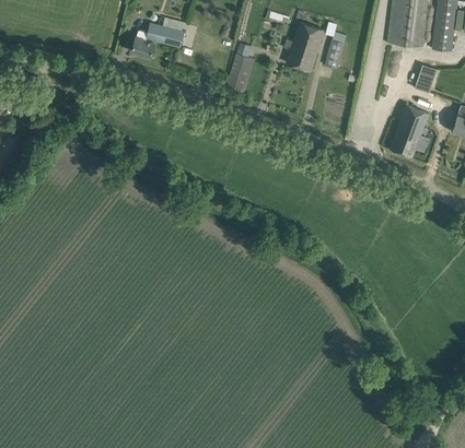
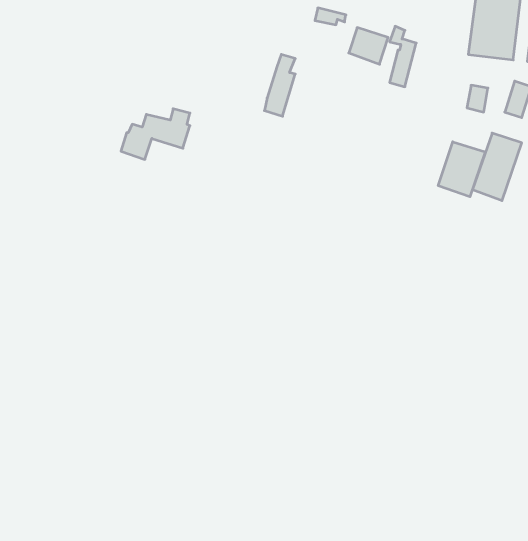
building: [131,19,185,58] -> [121,109,190,159]
building: [283,40,317,71] -> none
building: none -> [438,142,485,197]

